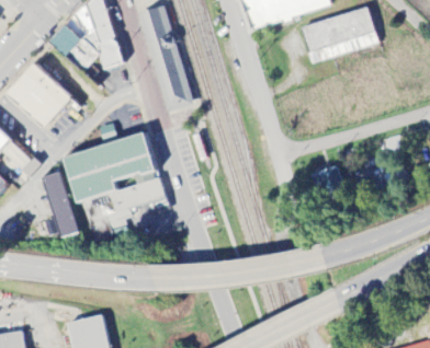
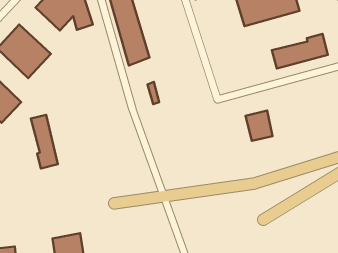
building: none -> [272,34,328,69]
building: [67,131,167,239] -> none

